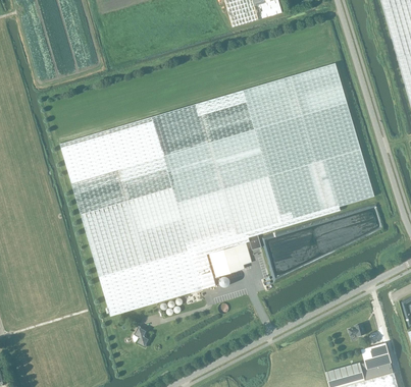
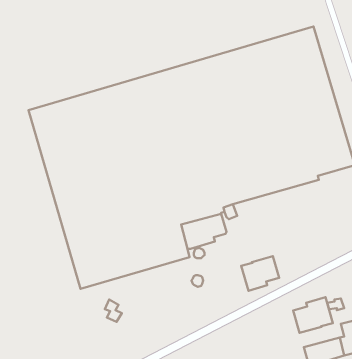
building: none -> [241,256,279,291]
building: none -> [293,297,333,333]

